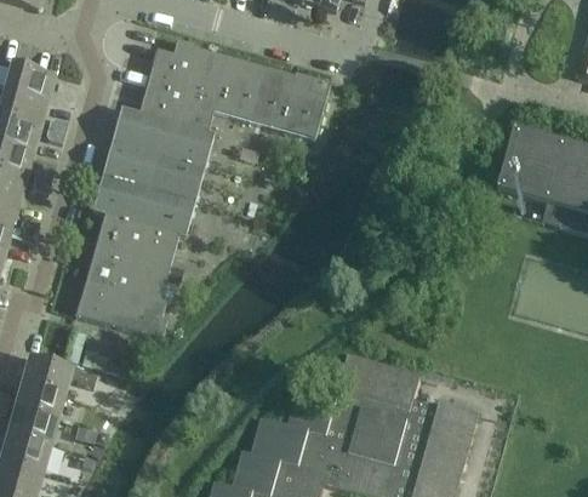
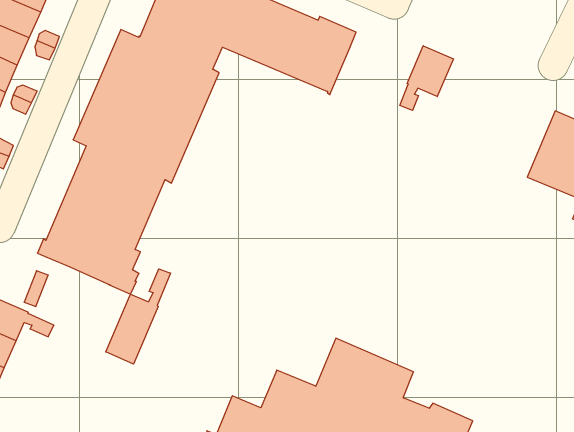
building: none -> [400,46,453,110]
building: none -> [106,269,171,364]

